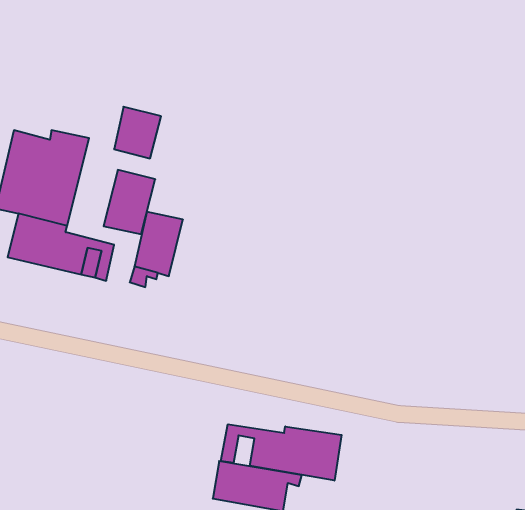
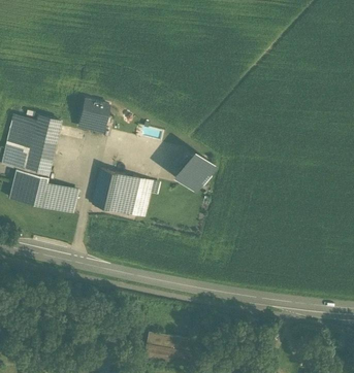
building: [104,170,155,234] -> [115,173,149,215]
building: none -> [180,156,208,184]
building: [221,424,342,481] -> none

